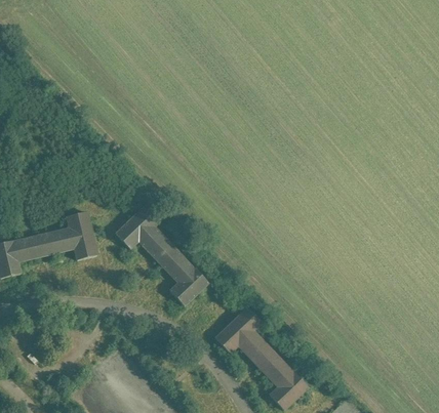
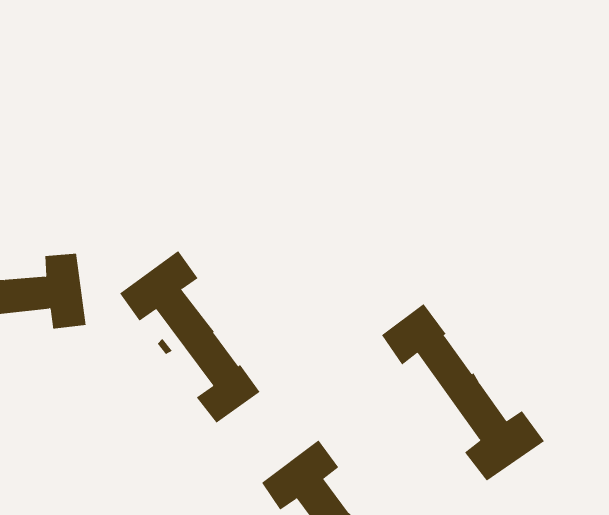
building: none -> [381,303,545,482]

